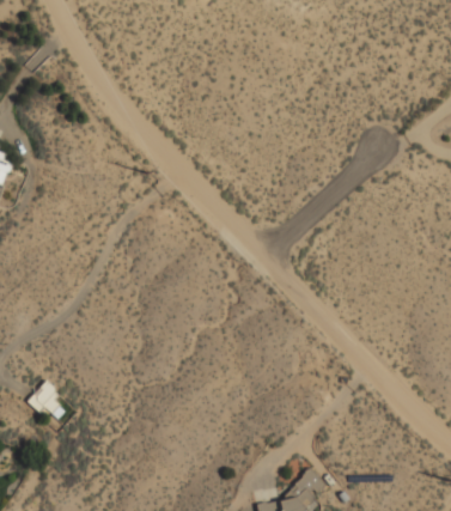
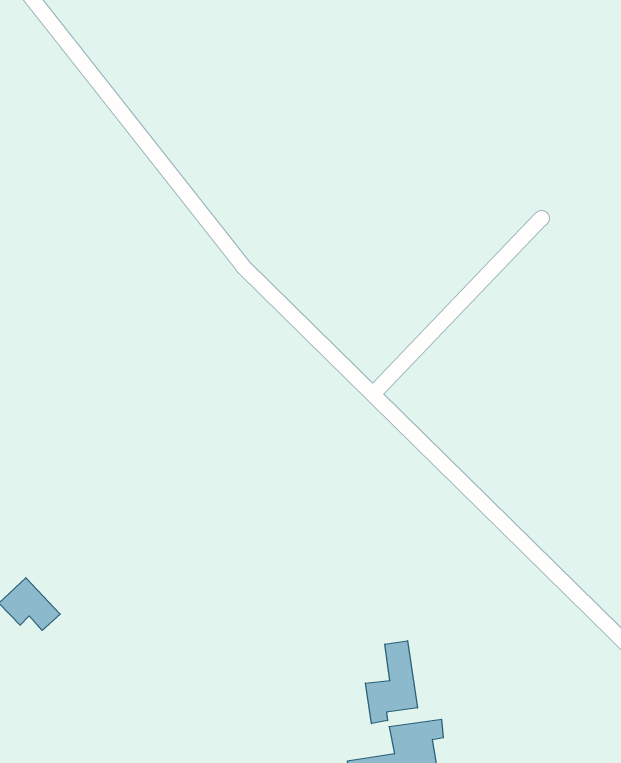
building: none -> [365,641,417,724]

